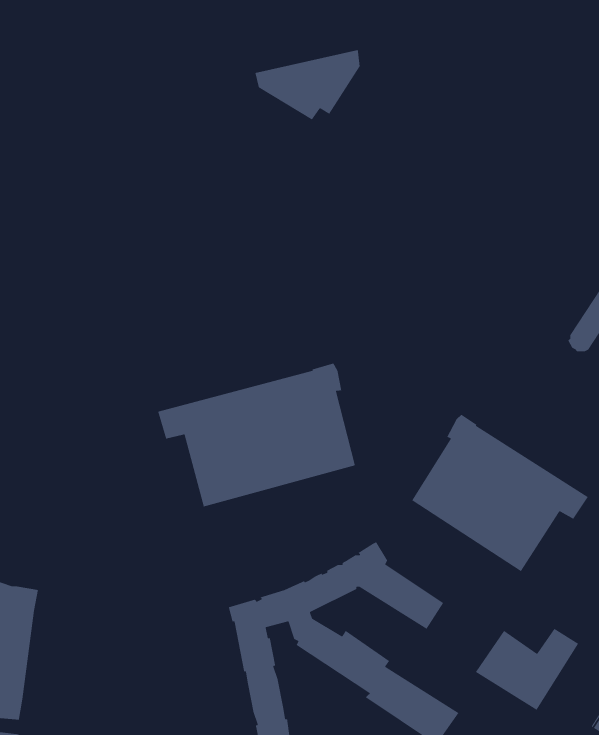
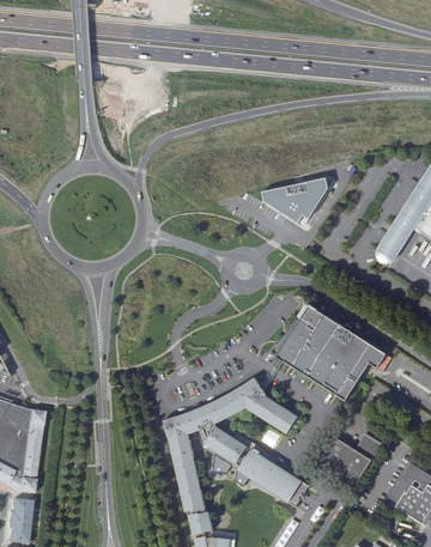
building: [254,49,361,121] -> [261,177,327,221]
building: [157,363,356,508] -> none

